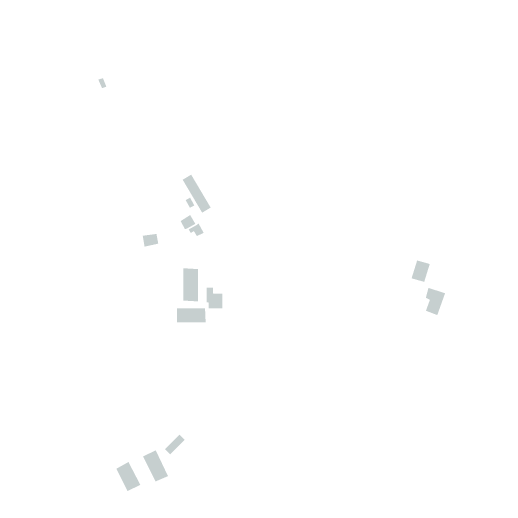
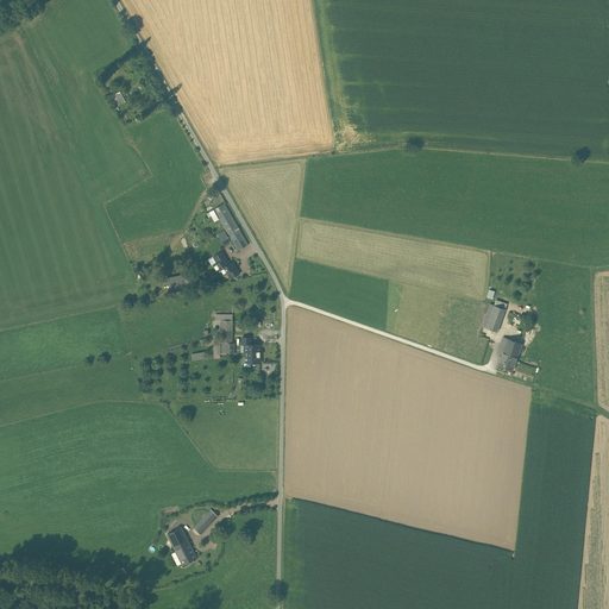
building: [176,307,207,323] -> none
building: [115,461,142,492] -> none

